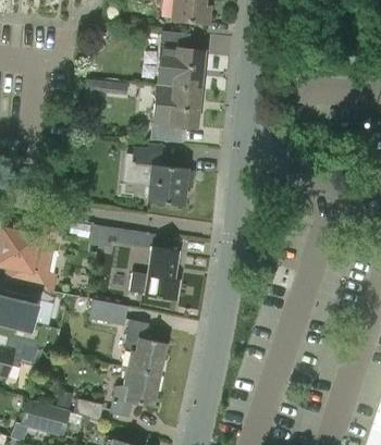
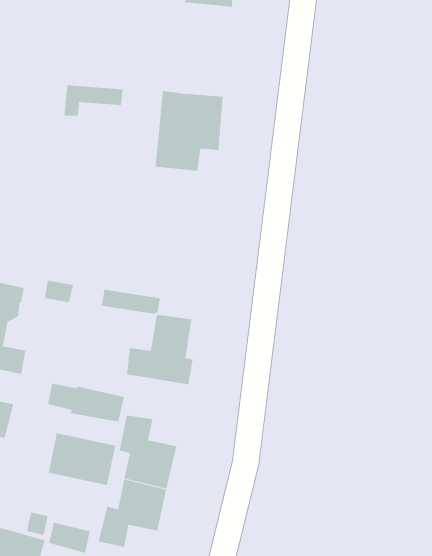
building: [156,32,204,88] -> none
building: [132,147,193,205] -> none
building: none -> [48,432,116,486]

